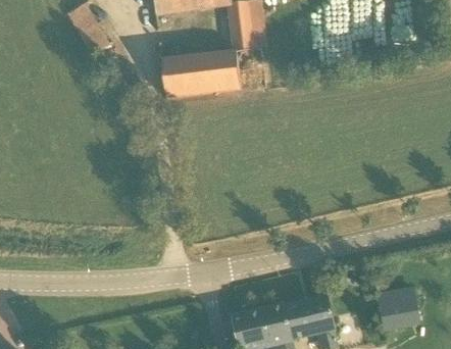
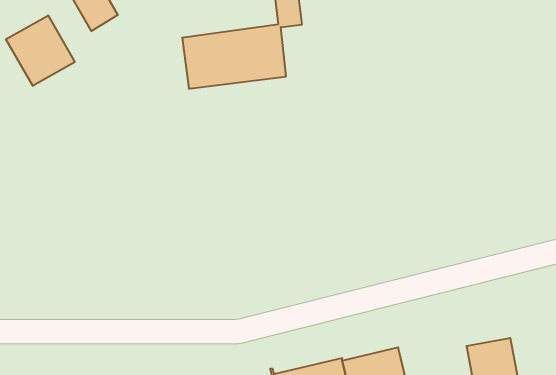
building: none -> [6,15,75,86]

